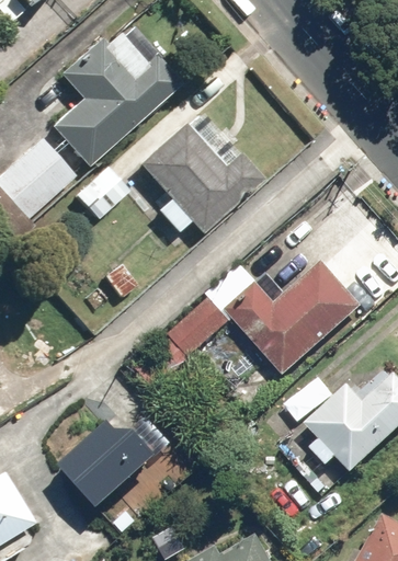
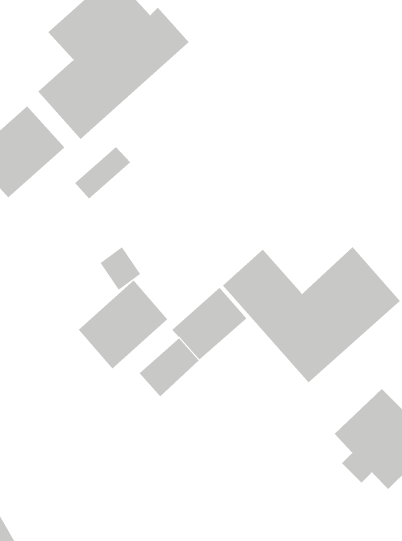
building: [138,106,265,234] -> none
building: none -> [78,280,168,369]
building: [65,417,164,505] -> none

